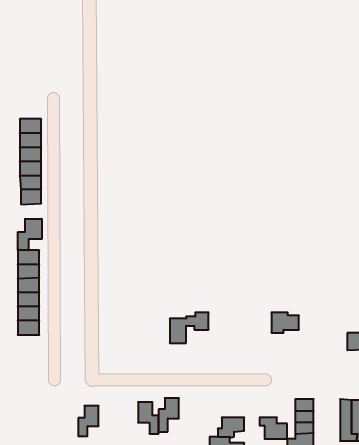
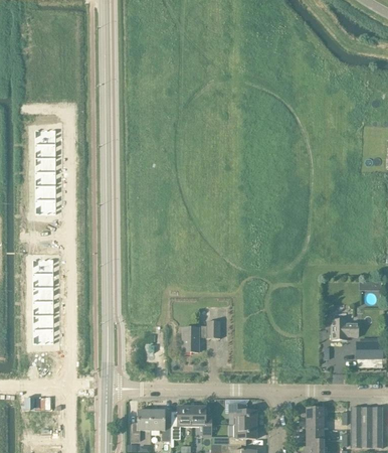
building: [18,219,42,250] -> none
building: [271,312,299,333] -> [332,319,359,339]
building: none -> [192,406,212,436]
building: [78,406,99,436] -> [132,410,152,440]
building: [260,417,287,439] -> [229,404,256,425]

